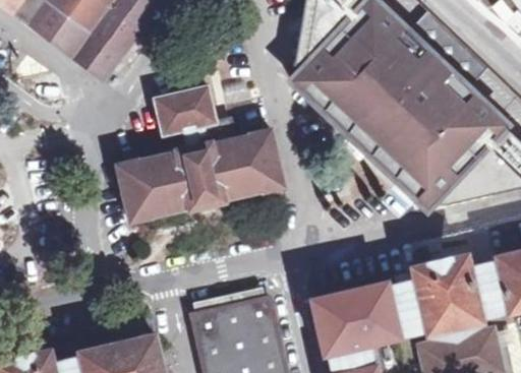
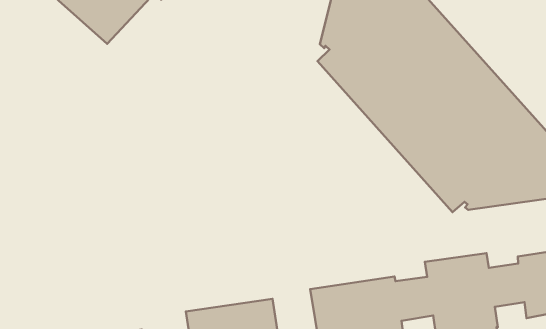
building: [119,86,286,220] -> none

